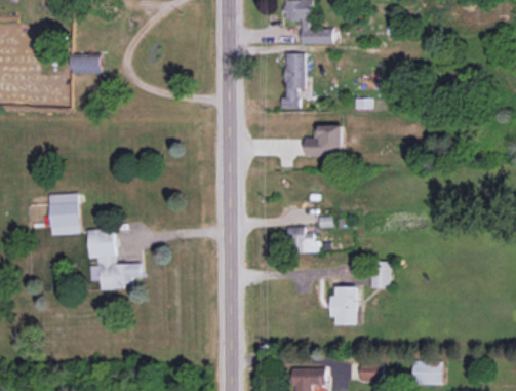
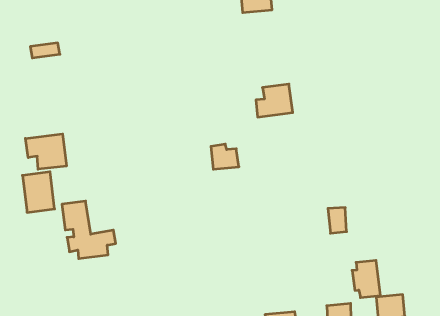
building: [280,53,305,108] -> none
building: none -> [25,134,66,169]
building: [289,227,317,252] -> [211,144,239,169]
building: [330,287,358,325] -> [352,260,380,298]

